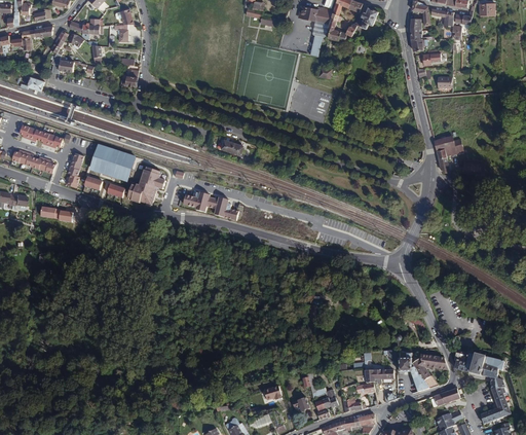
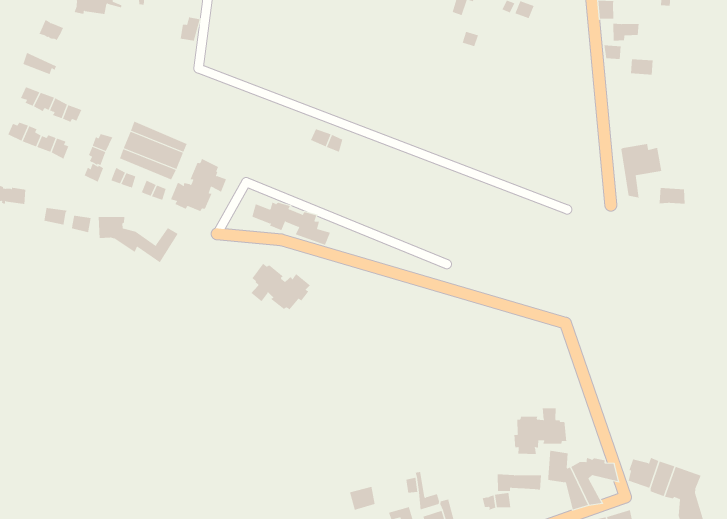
building: none -> [98,216,179,263]
building: none -> [250,263,311,310]
building: none -> [514,407,567,455]

